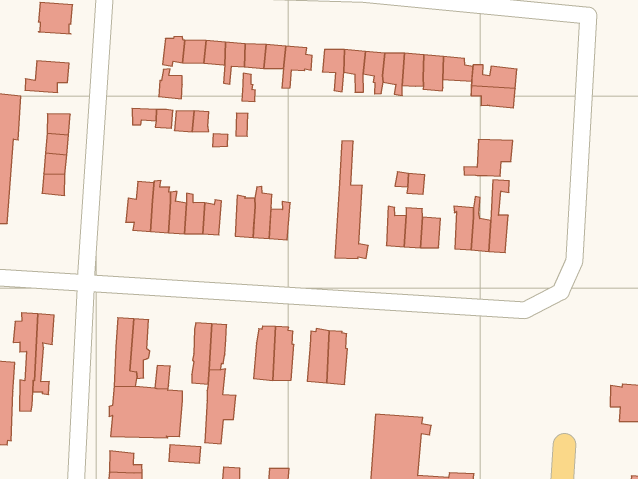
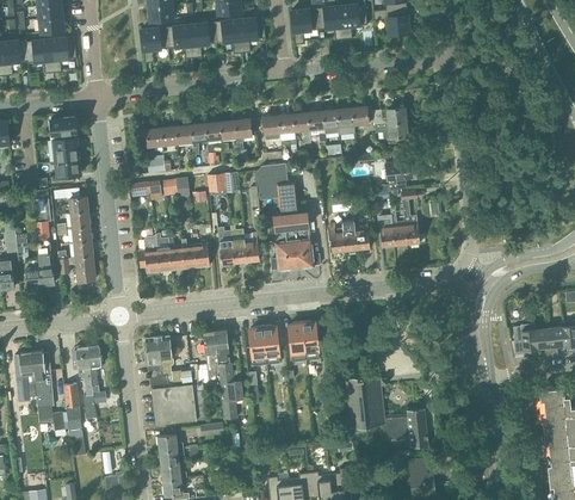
building: none -> [52,138,79,162]
building: none -> [255,163,296,270]
building: none -> [58,257,94,284]

